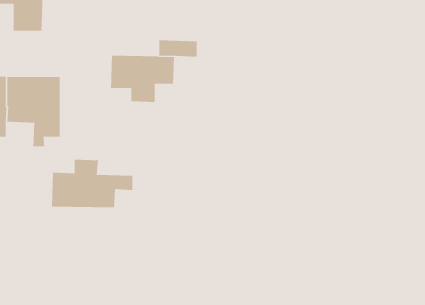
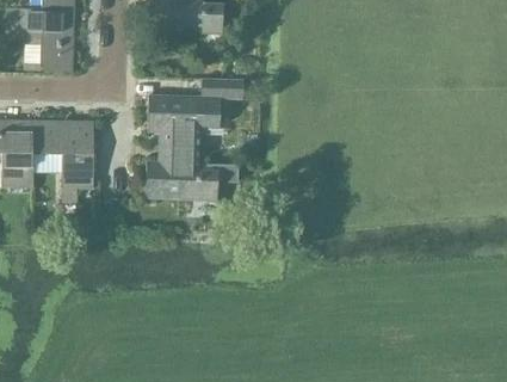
building: [51,159,133,208] -> [146,147,236,201]

